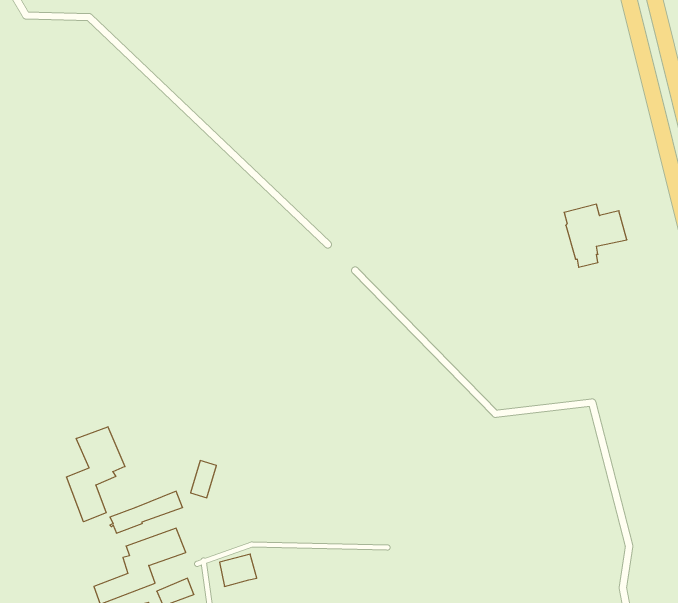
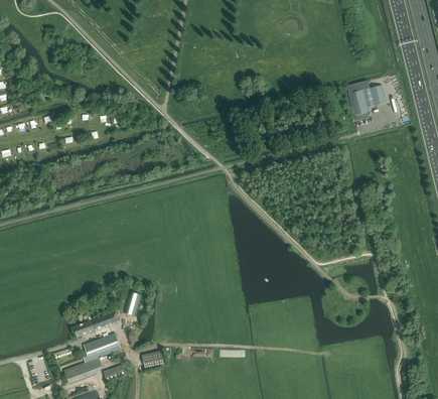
building: [564,204,627,267] -> [346,81,386,120]
building: [66,427,125,522] -> none

